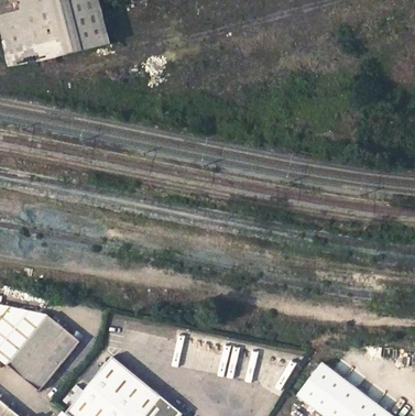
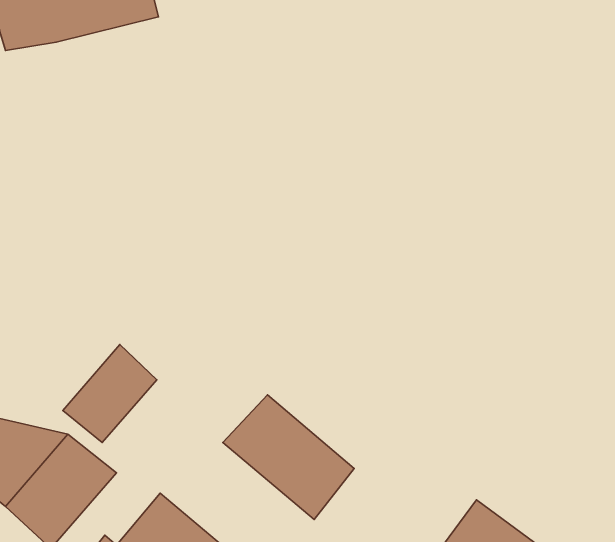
building: none -> [63,345,157,442]
building: none -> [223,395,354,520]

